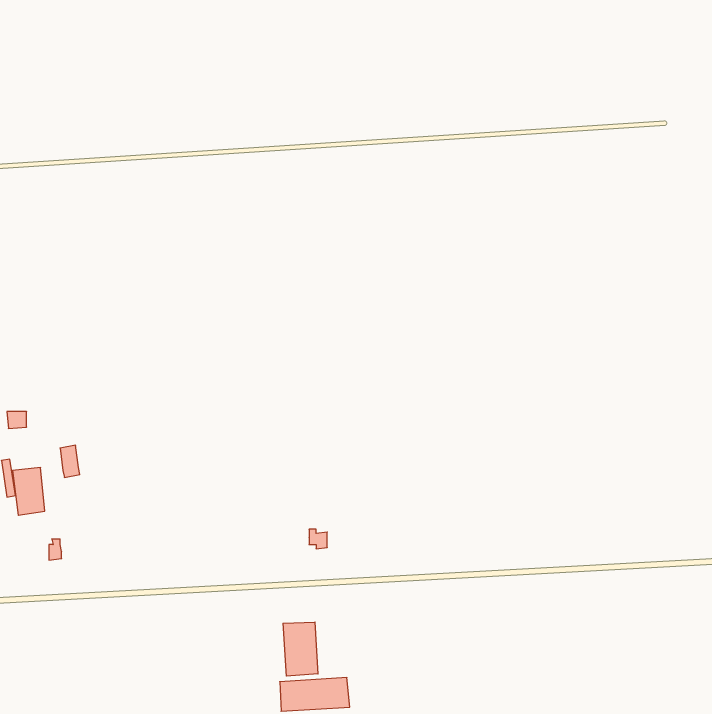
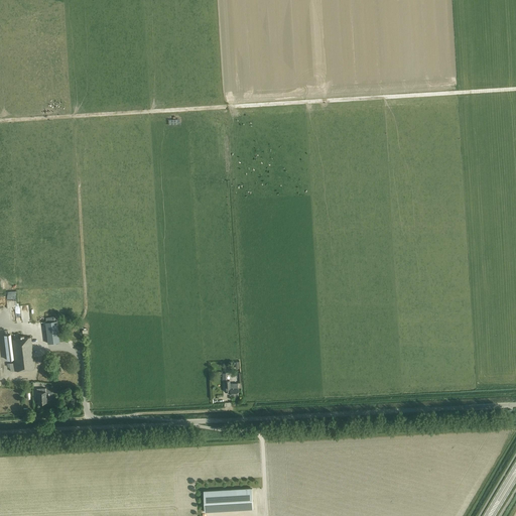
building: [283,622,318,676] -> none

